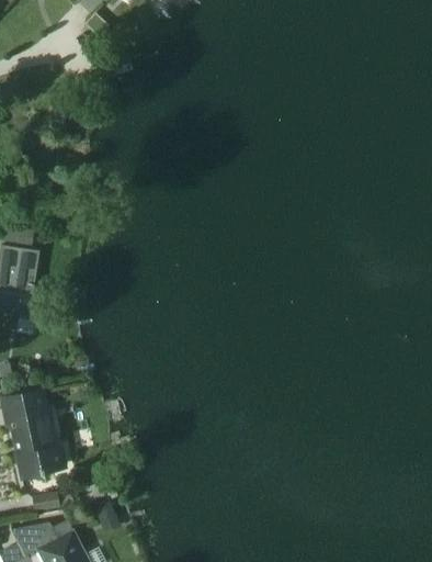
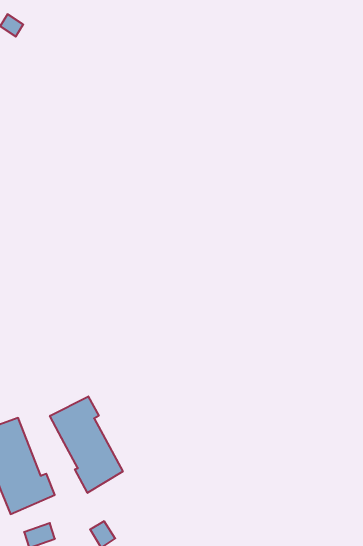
building: none -> [50,396,123,493]

